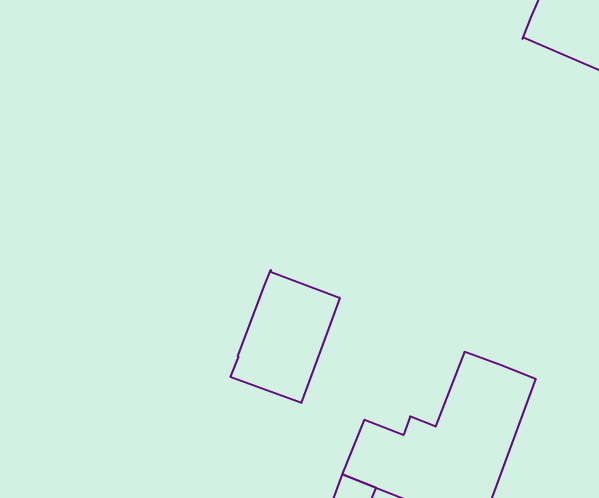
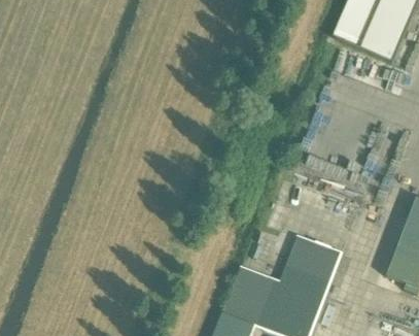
building: [231,270,340,403] -> none

